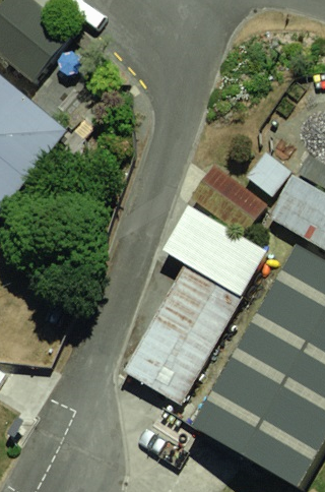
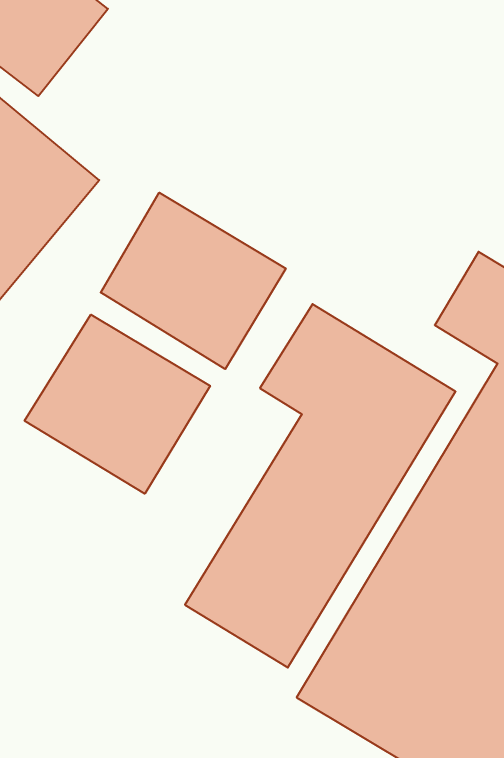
building: none -> [101,193,286,369]
building: none -> [25,315,210,494]

